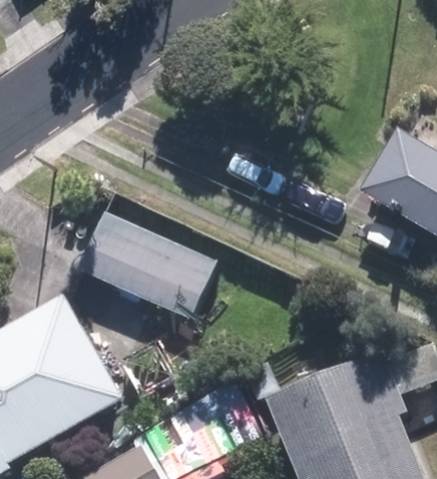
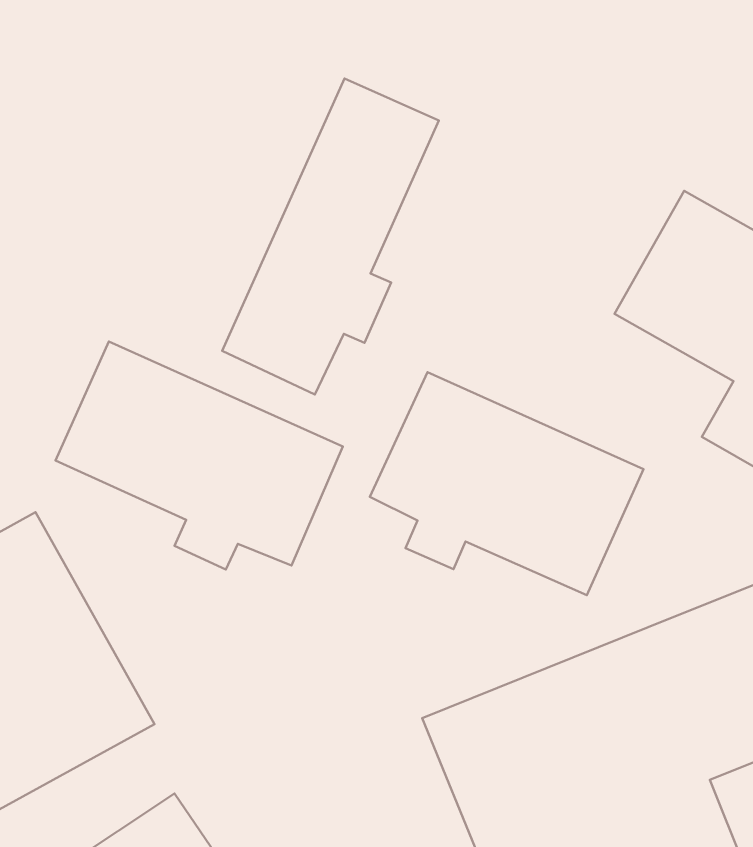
building: none -> [222,78,439,395]
building: none -> [370,372,643,595]

